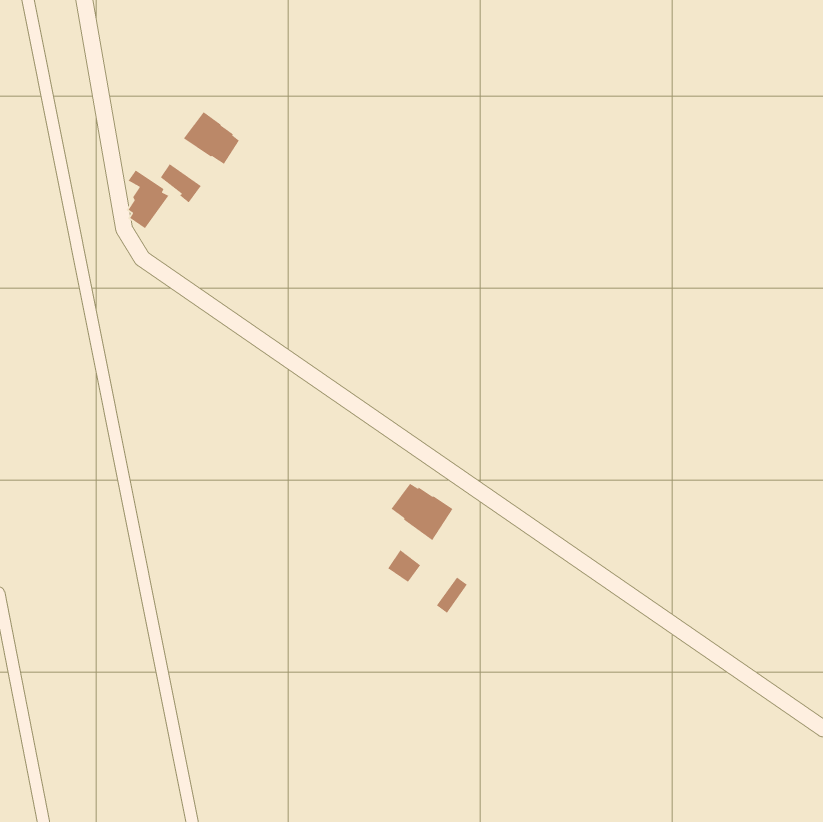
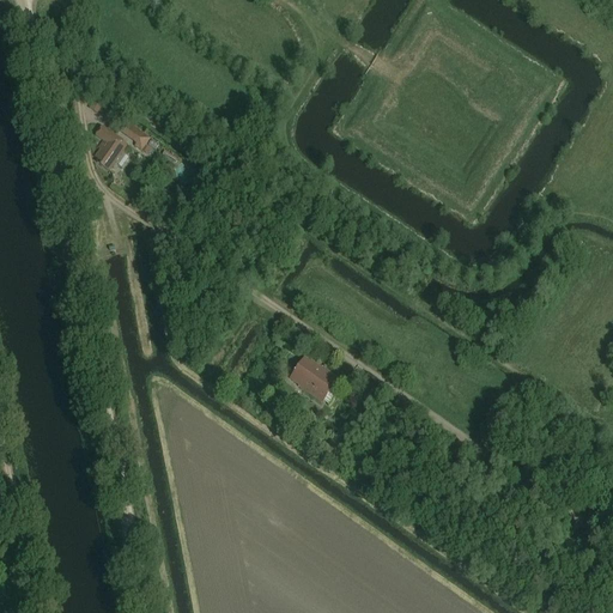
building: [183,111,240,165] -> none

